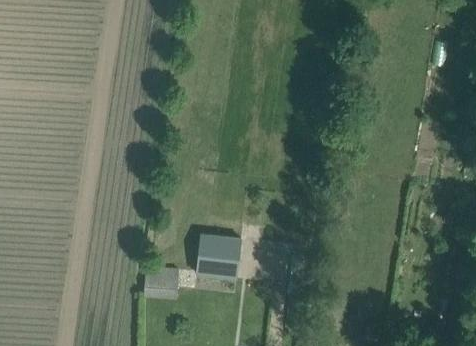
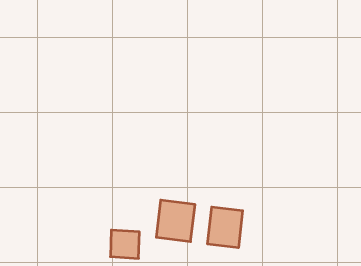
building: none -> [208,207,243,248]

